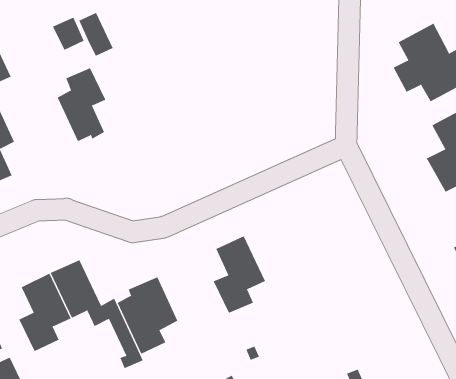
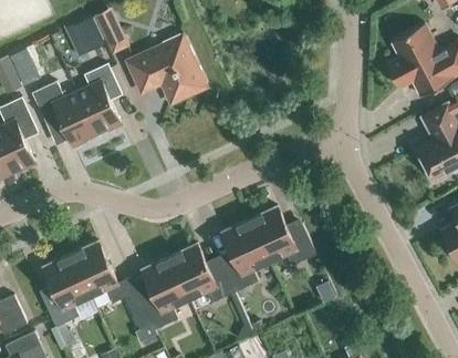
building: none -> [129,38,204,101]
building: none -> [31,82,95,147]
building: none -> [249,206,315,265]
building: none -> [169,244,235,303]

